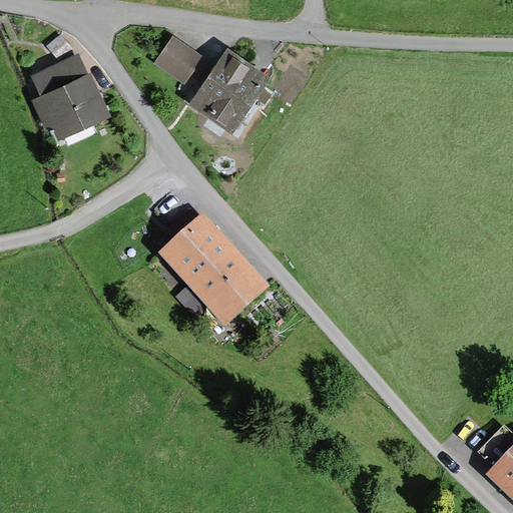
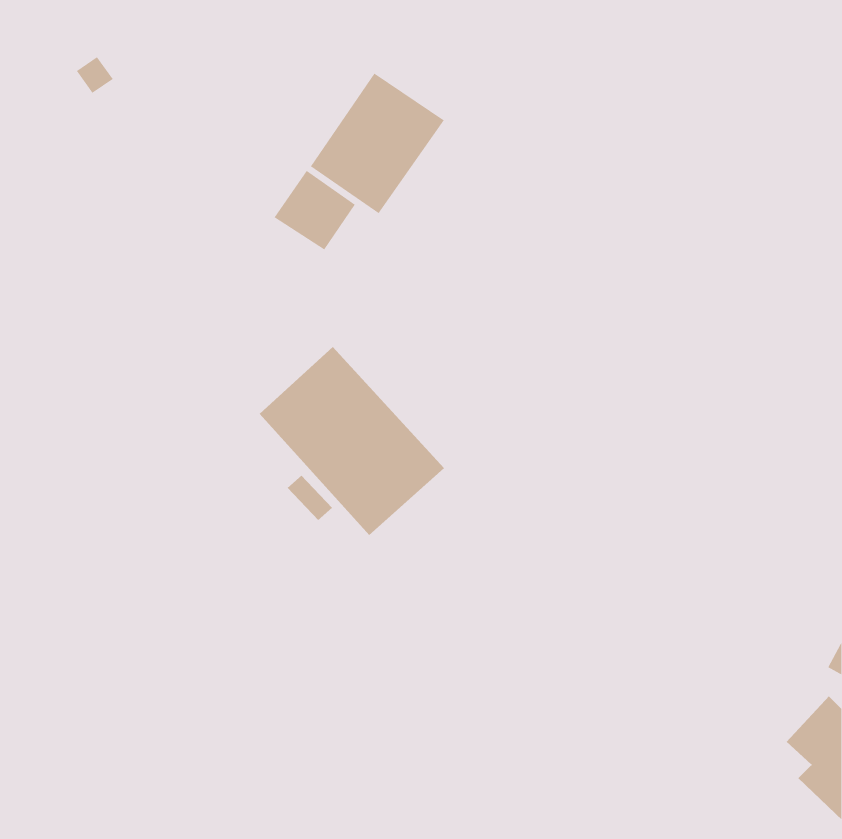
building: [152,35,202,84] -> [273,170,356,251]
building: [30,53,111,140] -> none

